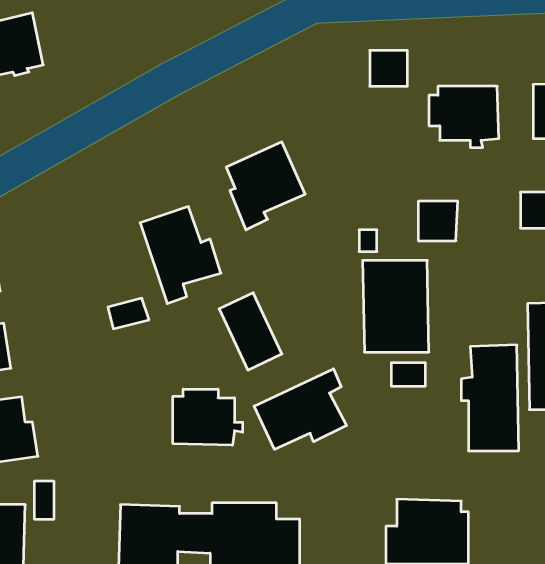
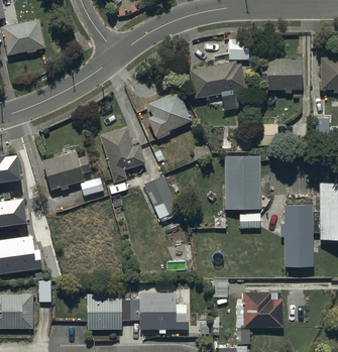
building: none -> [189,63,250,112]
building: none -> [42,151,91,191]
building: [254,369,347,449] -> none
building: [173,389,243,445] -> none

